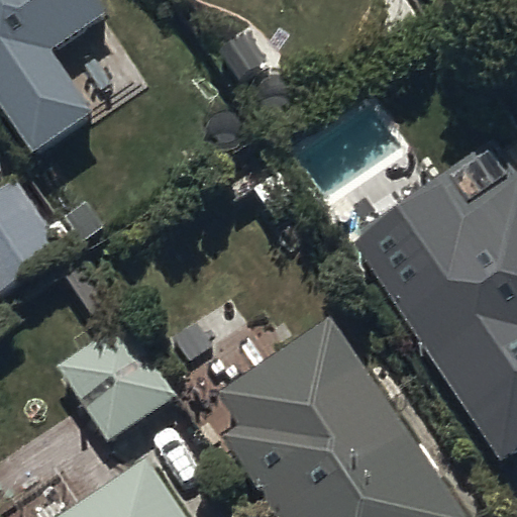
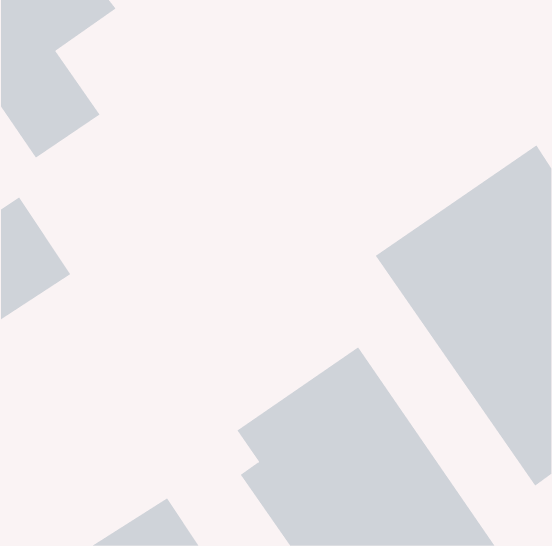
building: [58,325,177,446] -> none

